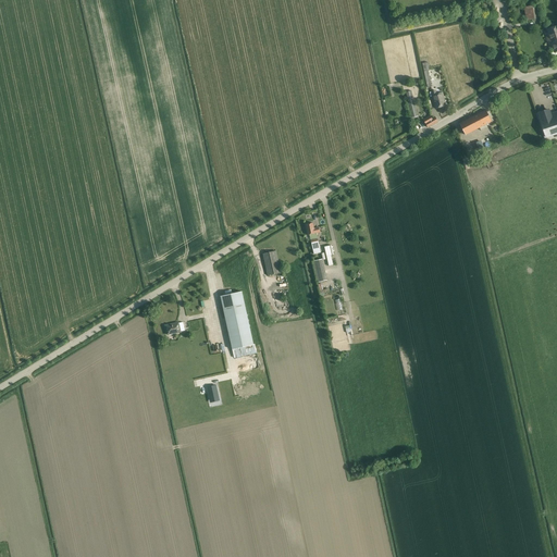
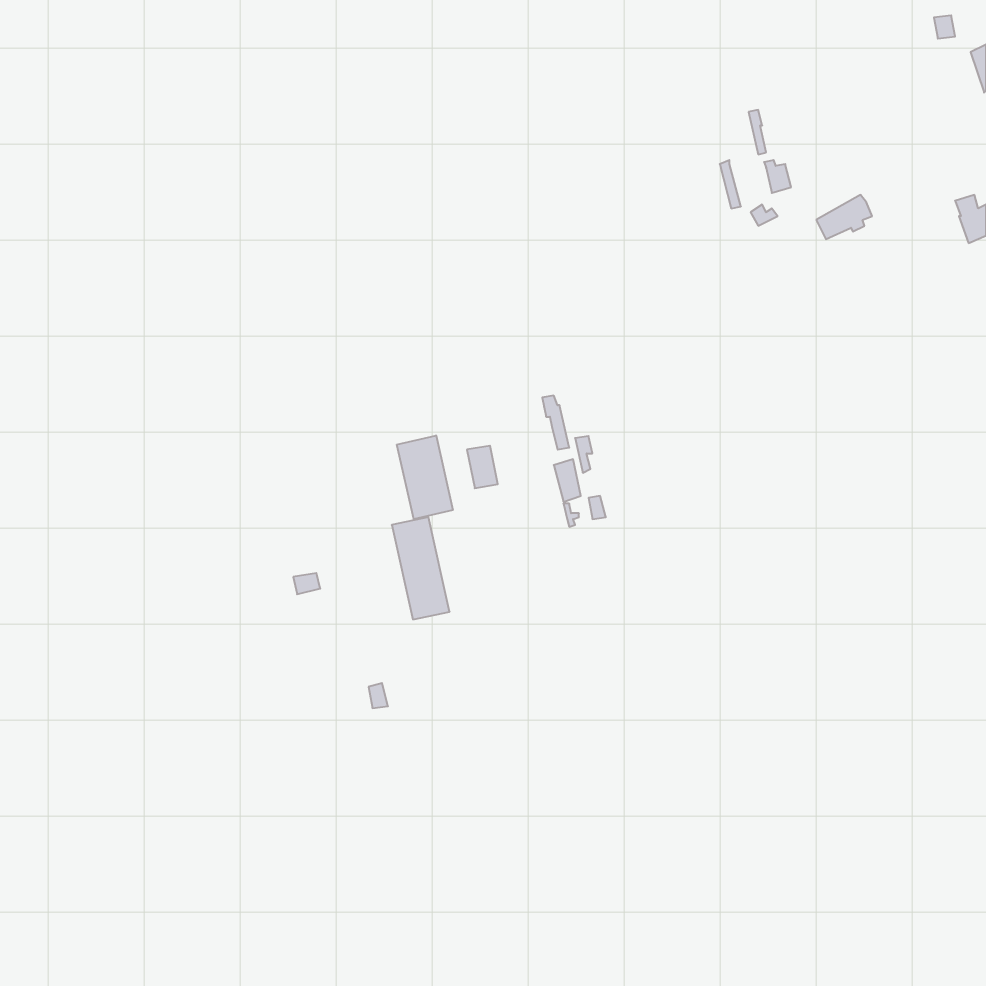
building: none -> [397,435,453,519]

